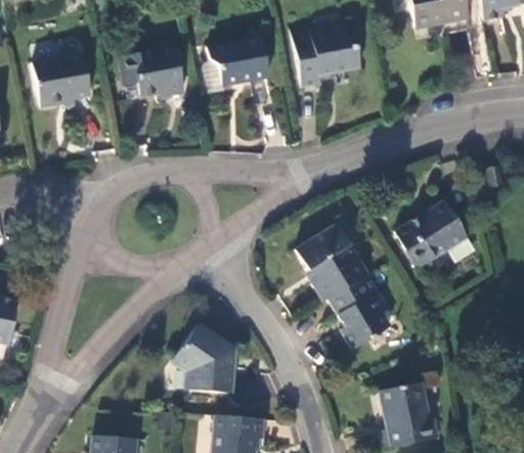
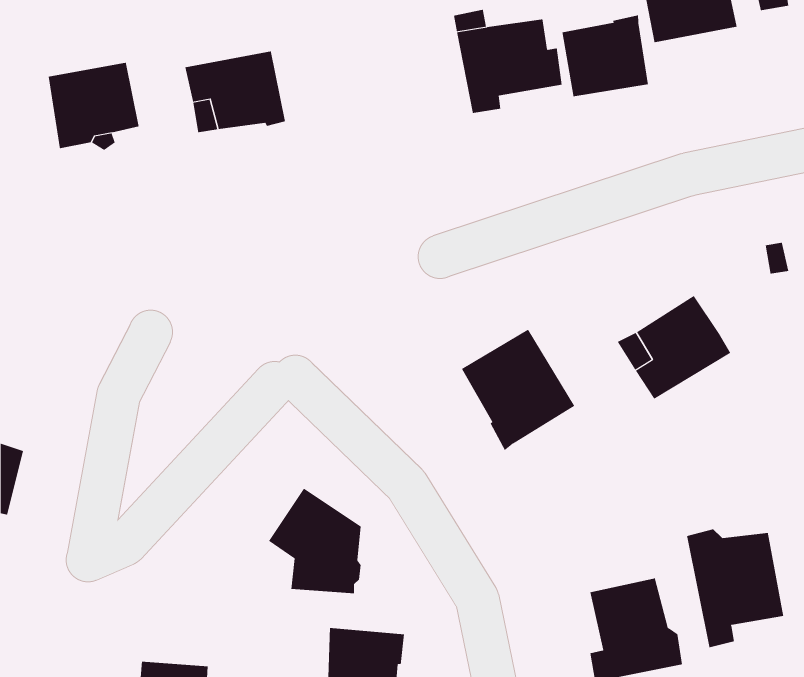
building: none -> [562,15,649,97]
building: [207,37,269,85] -> none
building: [329,272,391,348] -> none
building: none -> [687,529,784,648]

